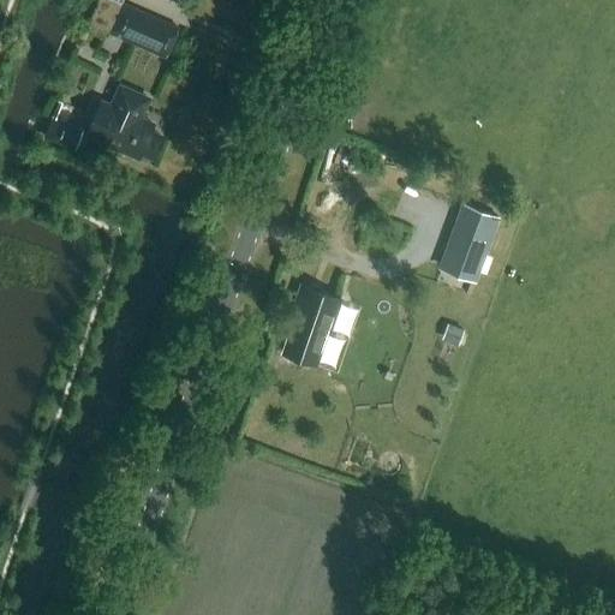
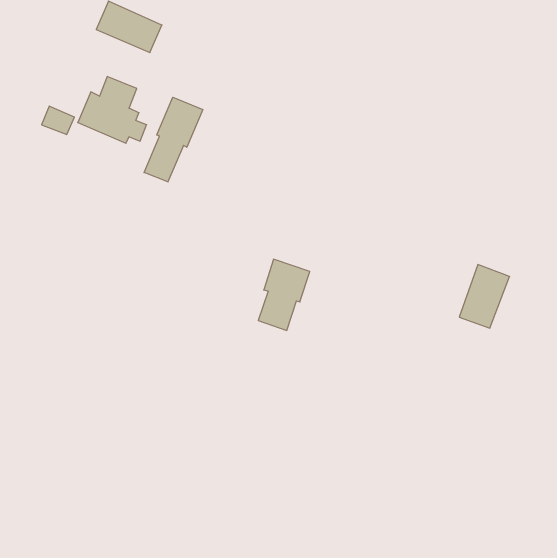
building: none -> [144,97,203,182]
building: [446,205,501,275] -> [459,265,510,328]

